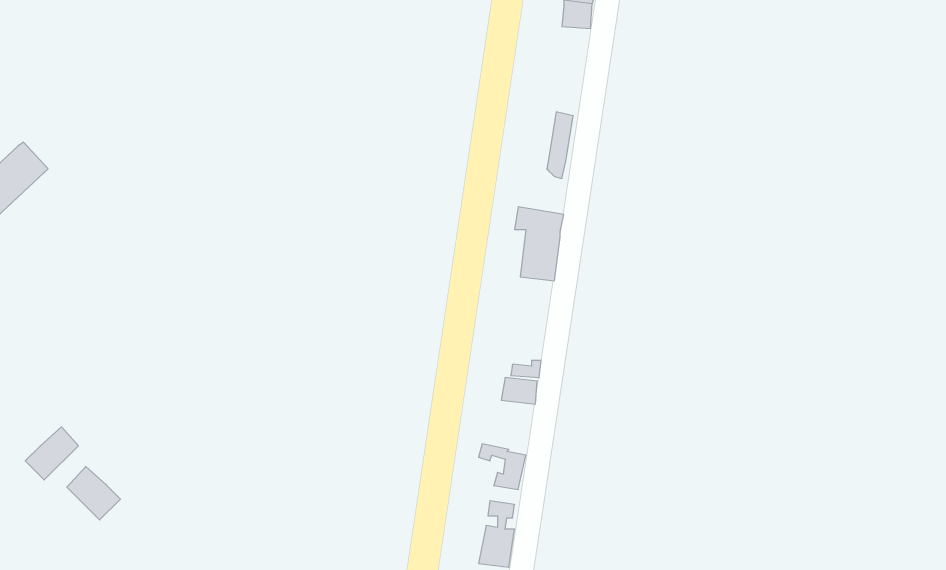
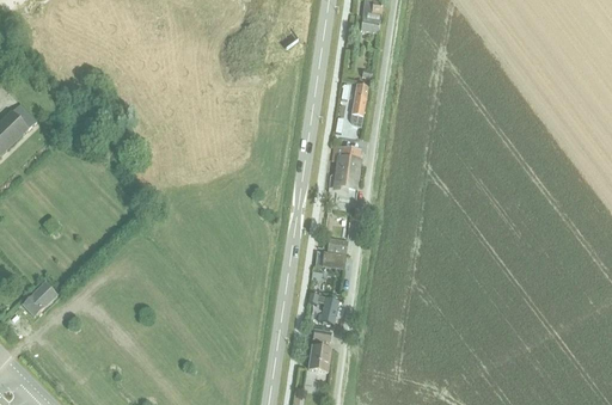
building: [67,466,120,520] -> none

